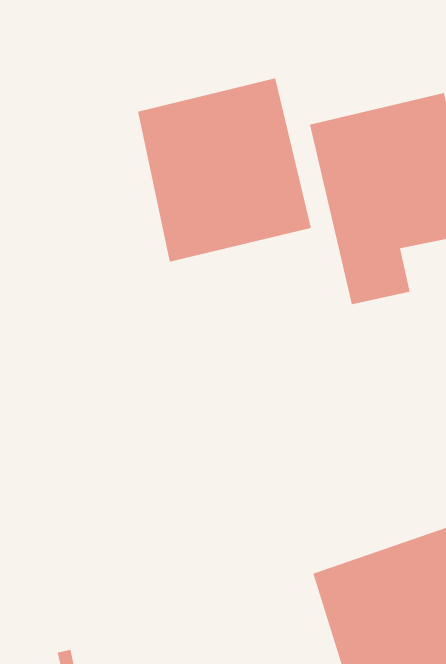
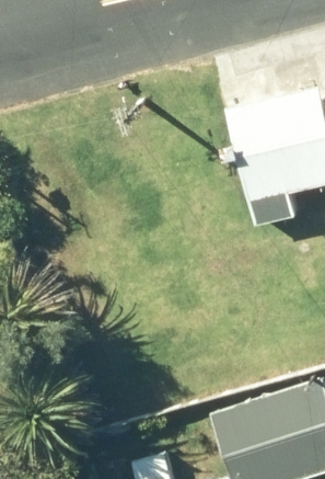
building: [138,78,311,263] -> none

